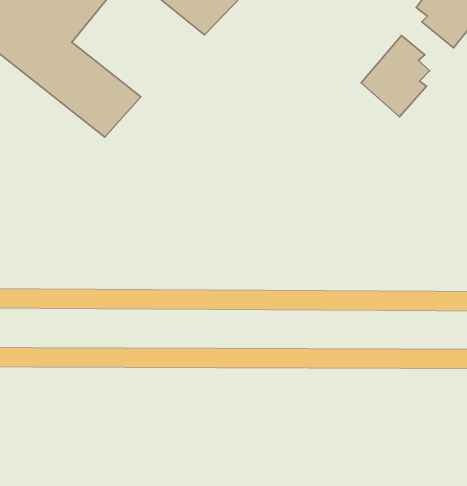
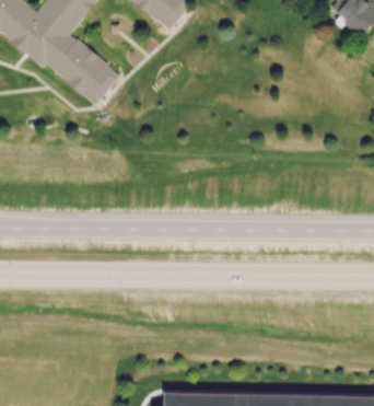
building: [361,35,430,117] -> none

